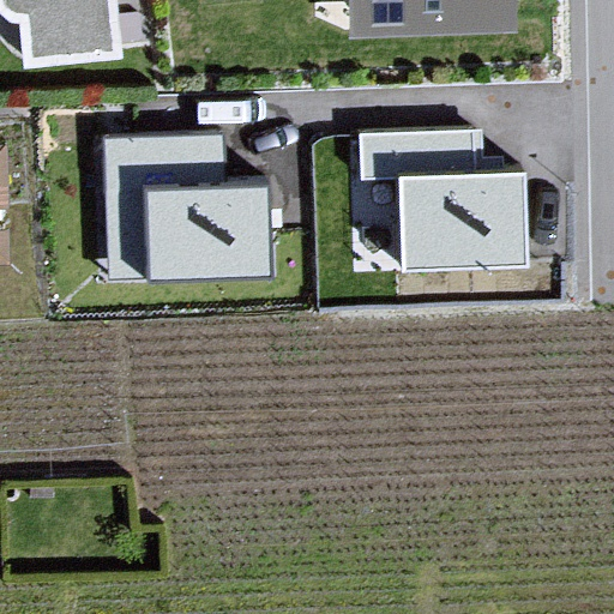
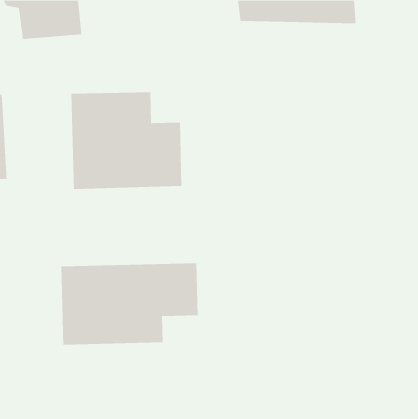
building: [360,130,523,271] -> none
building: none -> [61,263,198,346]

